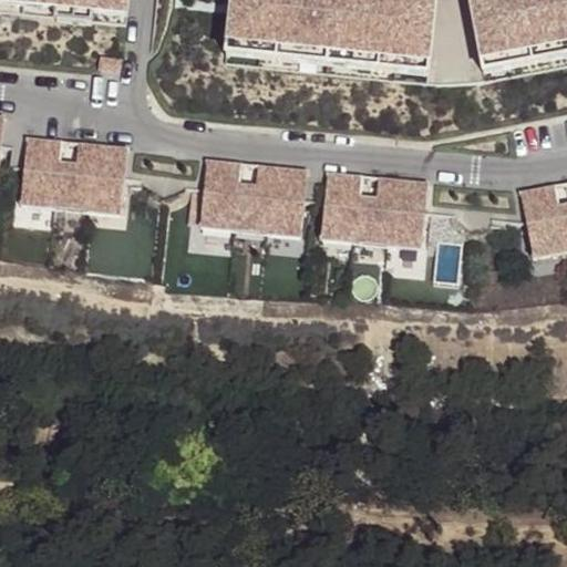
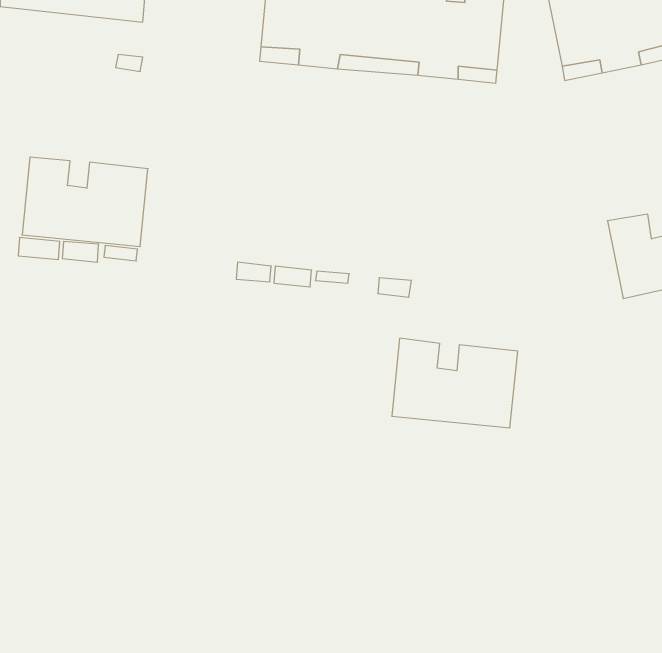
building: [200,154,307,230] -> none
building: [320,167,427,244] -> [392,338,518,428]

